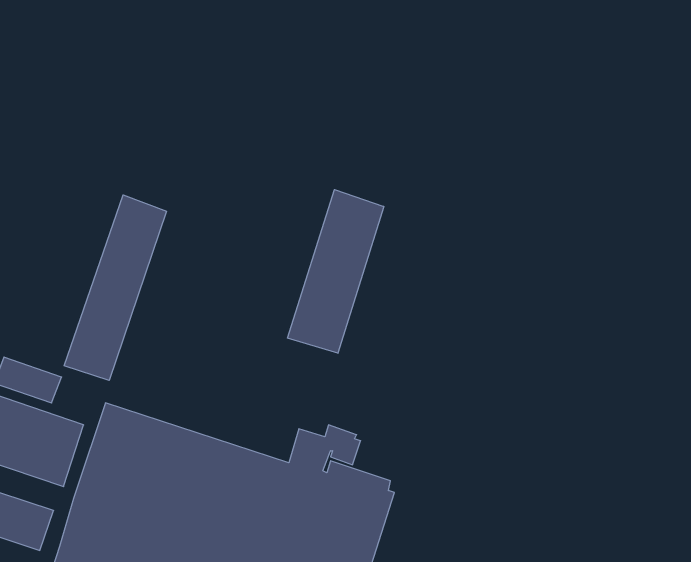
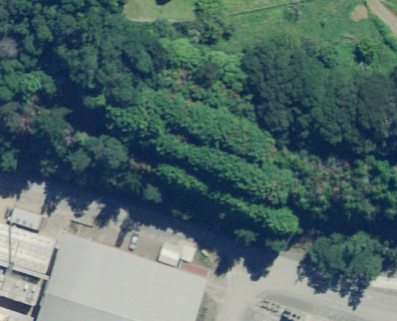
building: [287,190,384,353] -> none
building: [64,195,167,380] -> none

